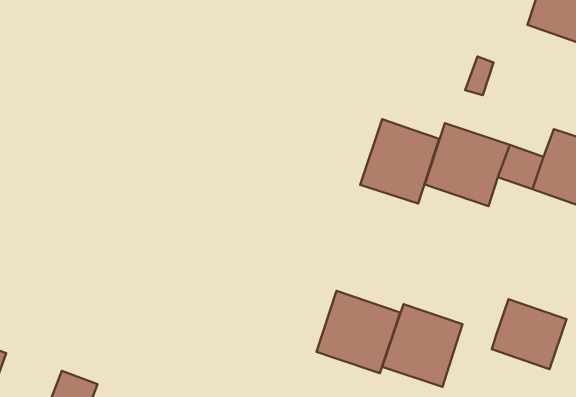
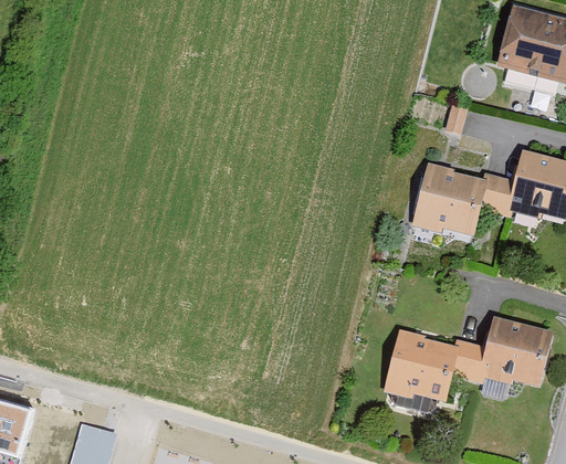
building: [360,119,439,203] -> none
building: [316,291,400,373] -> none
building: none -> [448,347,486,382]

